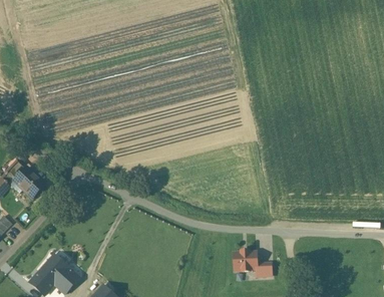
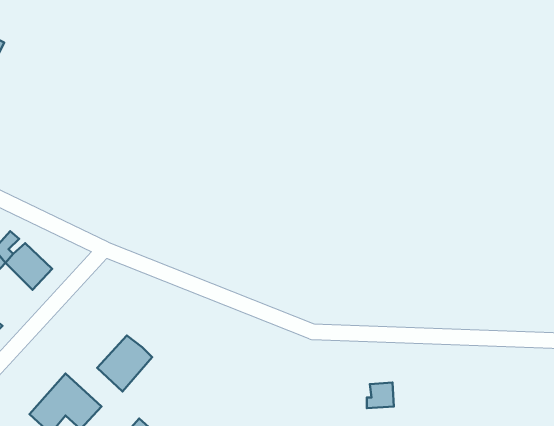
building: none -> [97,336,152,392]
building: [233,250,259,272] -> none

